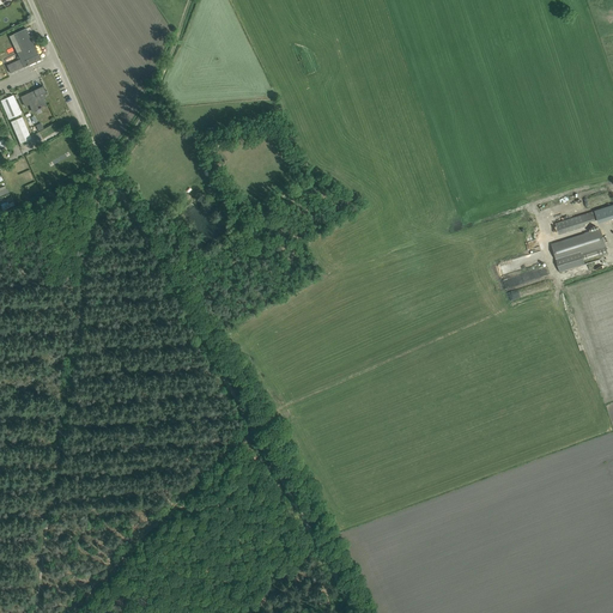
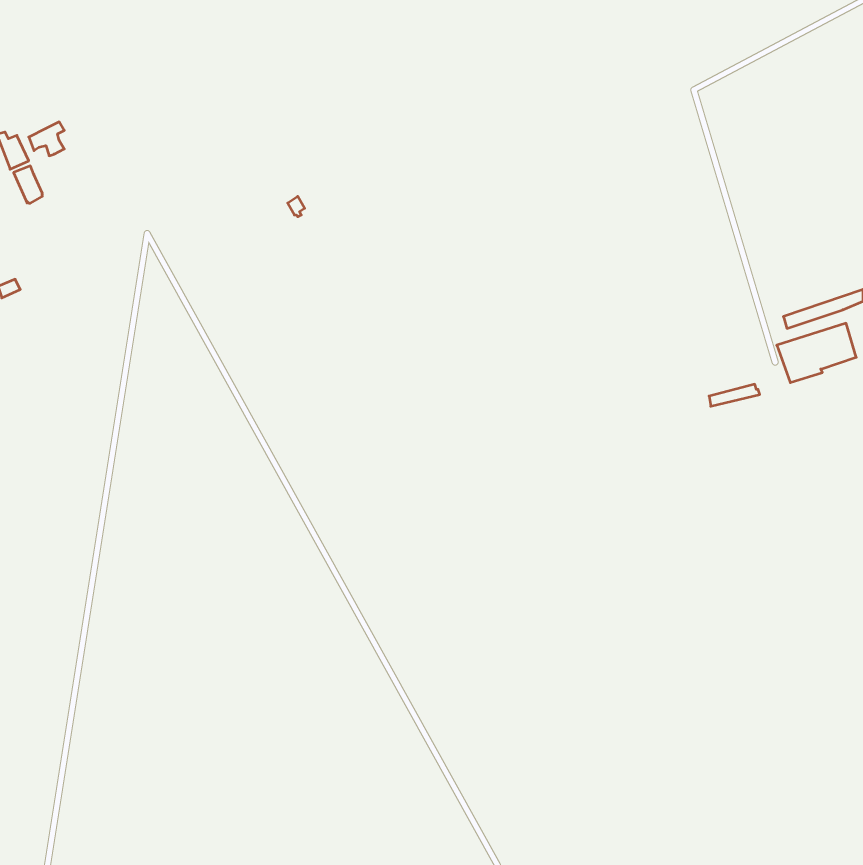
building: [6,29,40,73] -> none

